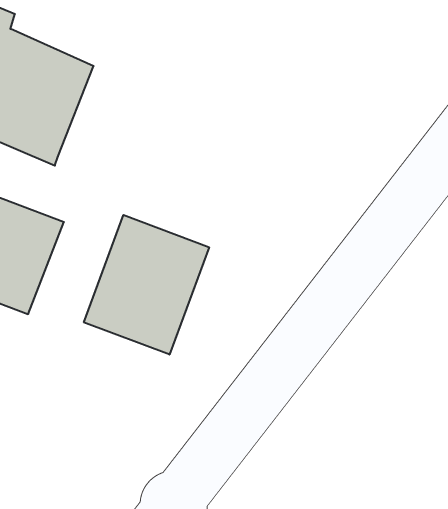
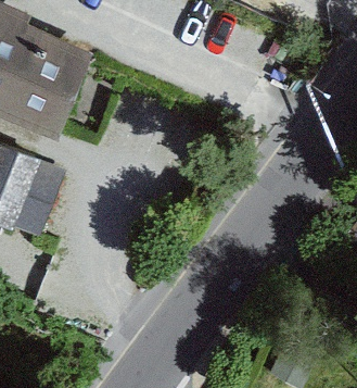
building: [84,215,209,355] -> none

